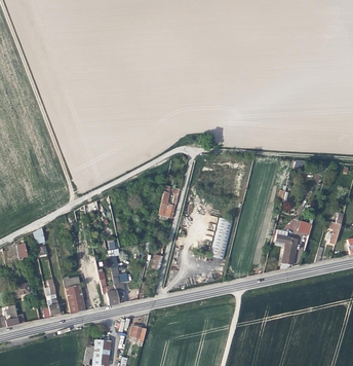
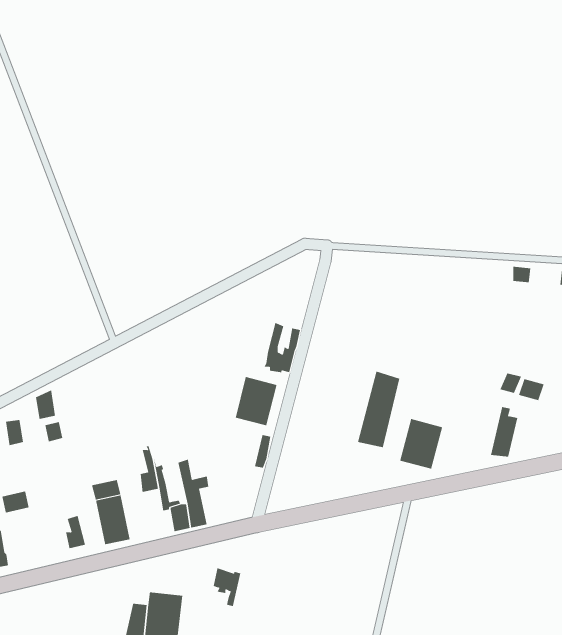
building: none -> [235,376,277,426]
building: none -> [400,418,443,470]

